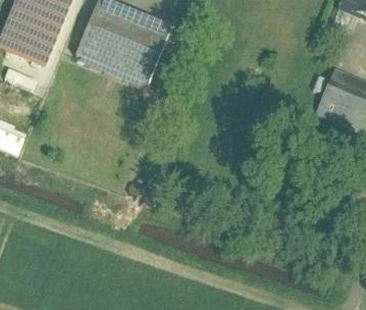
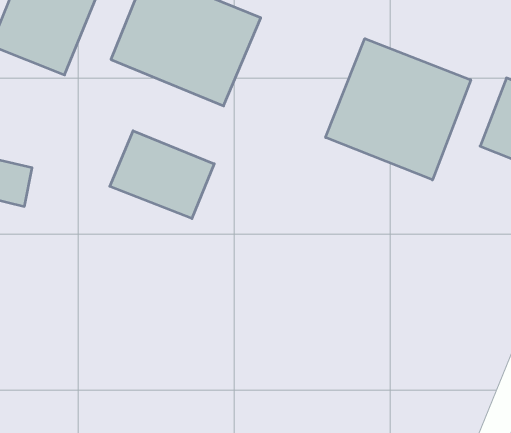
building: none -> [326,39,471,180]
building: none -> [110,131,214,219]

